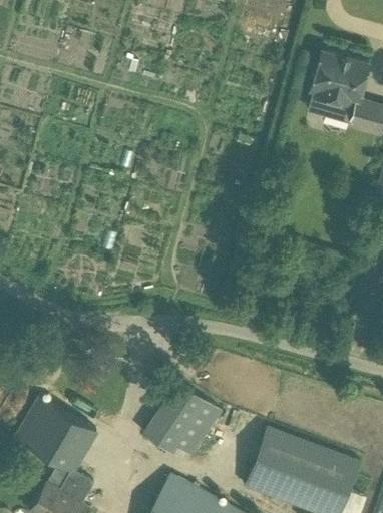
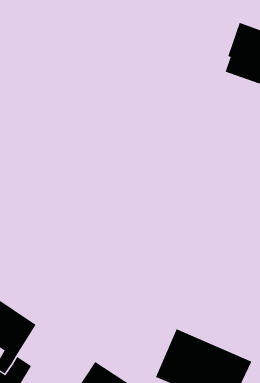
building: [142,383,221,456] -> none

